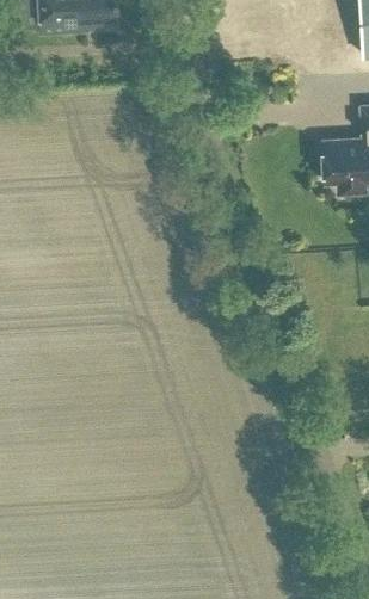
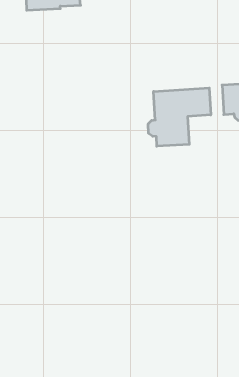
building: none -> [148,88,211,146]

